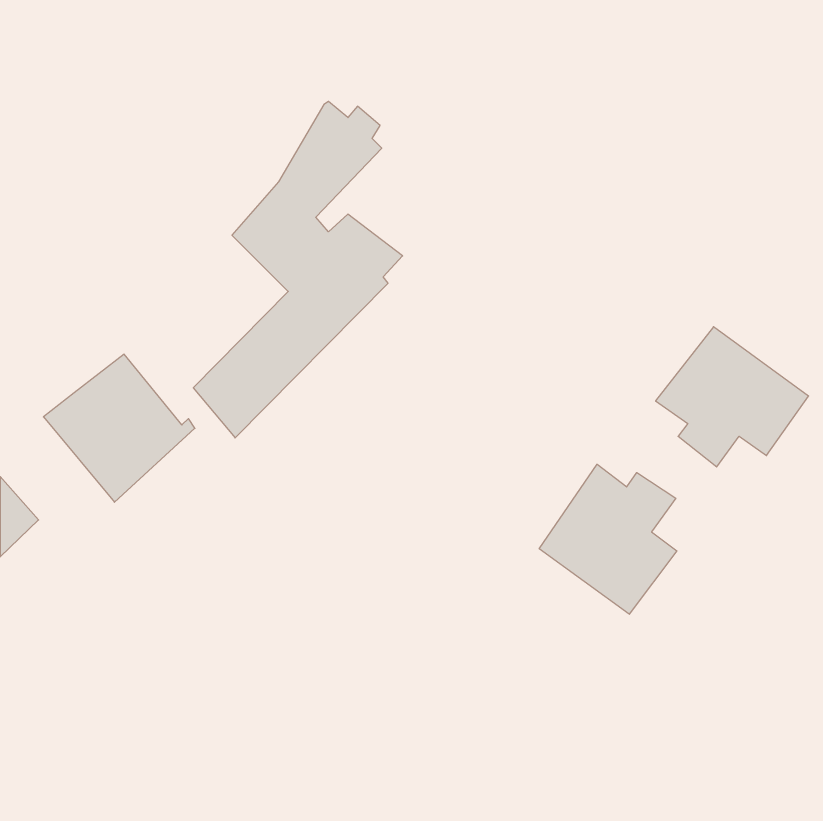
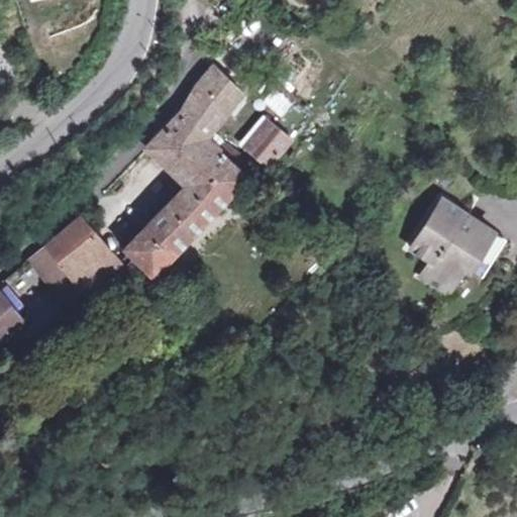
building: none -> [247,117,288,158]
building: [539,464,677,614] -> none

